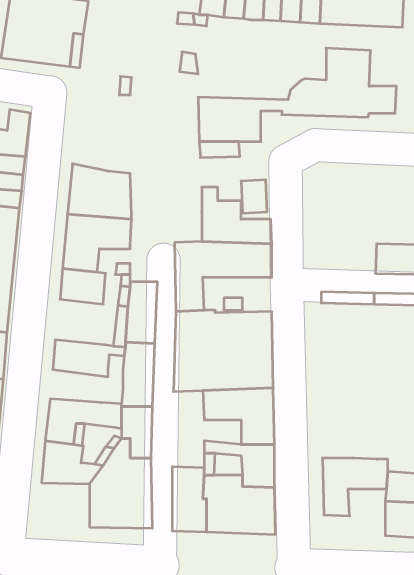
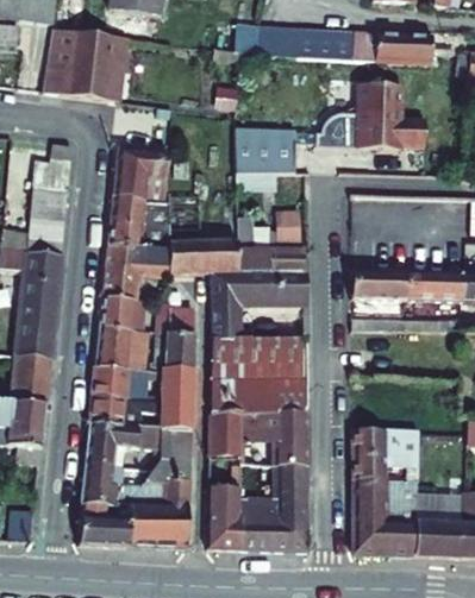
building: none -> [113,146,169,203]
building: none -> [169,240,238,272]
building: none -> [351,269,407,300]
building: none -> [96,325,148,369]
building: none -> [92,392,162,424]
building: none -> [210,413,240,458]
building: none -> [354,427,419,479]
building: none -> [80,502,130,545]
building: none -> [356,508,417,553]

